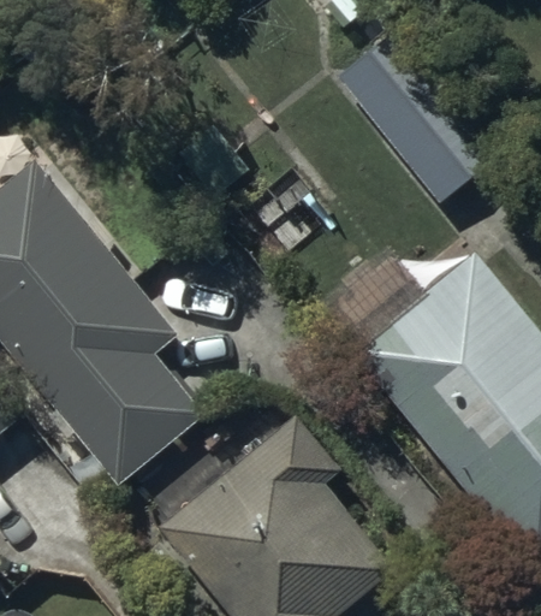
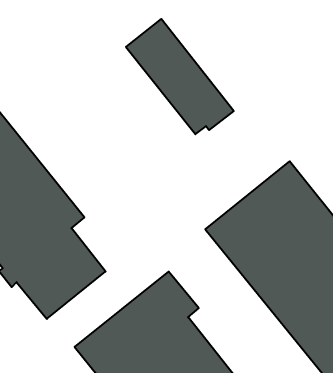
building: [337,34,495,203] -> [126,19,234,134]

